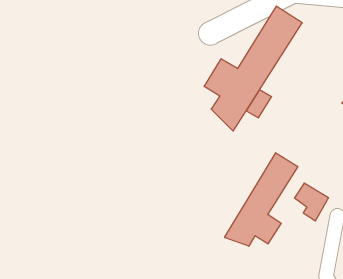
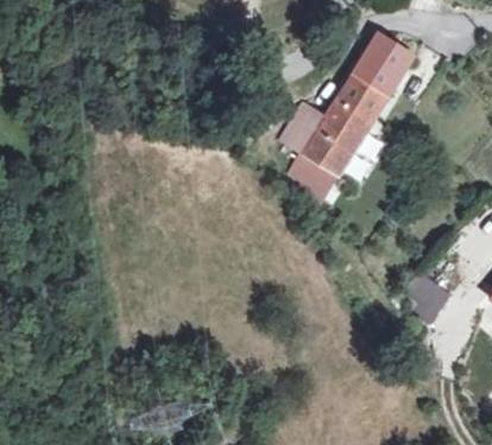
building: [225,153,298,246] -> none

